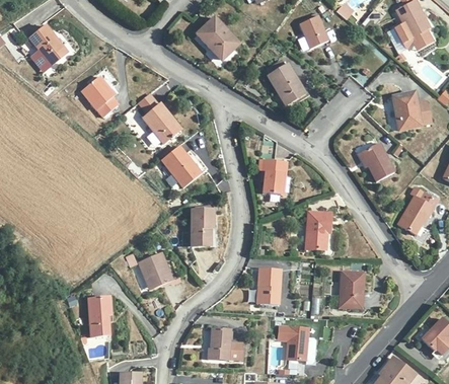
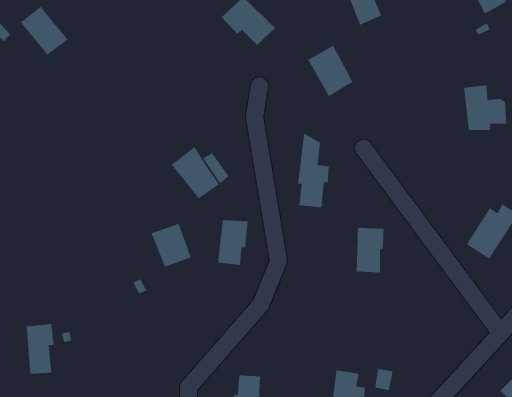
building: [82,73,120,114] -> none
building: [142,100,181,141] -> none
building: [360,142,393,180] -> none
building: [138,249,171,286] -> [151,223,192,268]
building: [255,266,279,303] -> none
building: [345,270,368,305] -> none
building: [87,294,110,335] -> [26,323,55,375]

